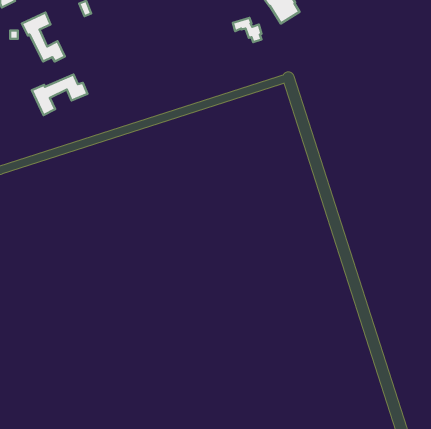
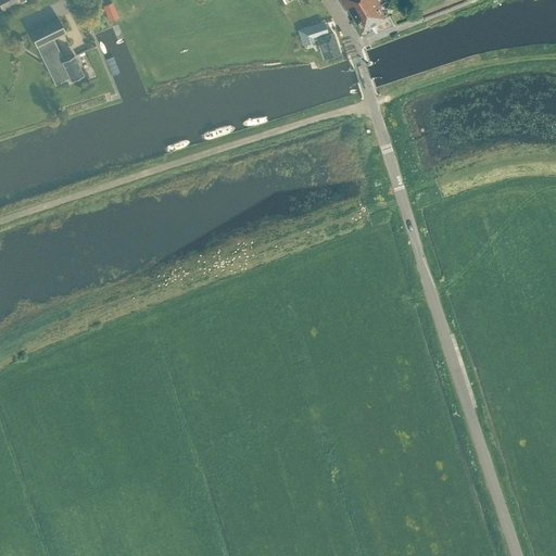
building: [32,75,88,115] -> none

